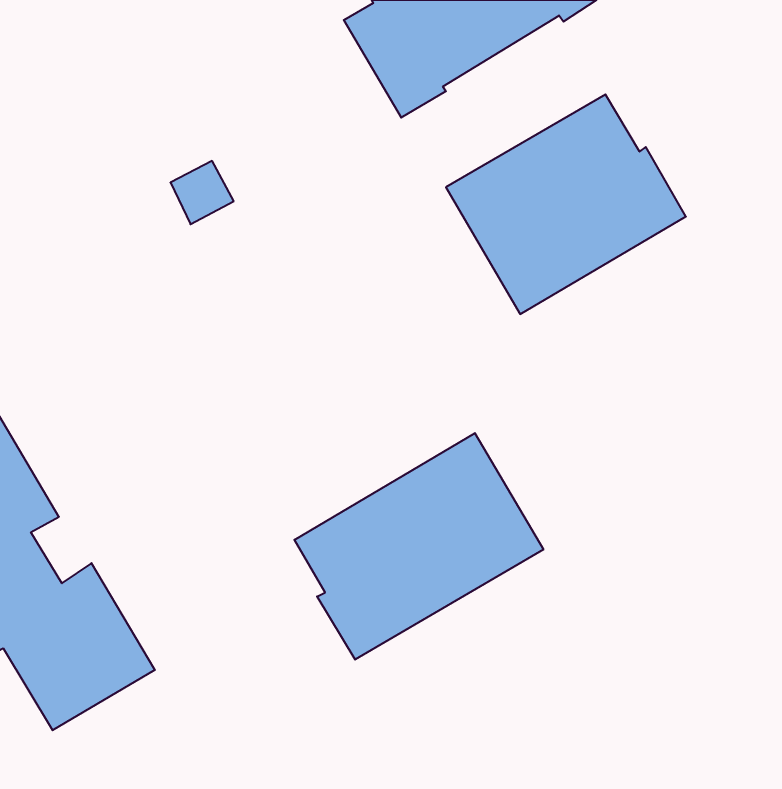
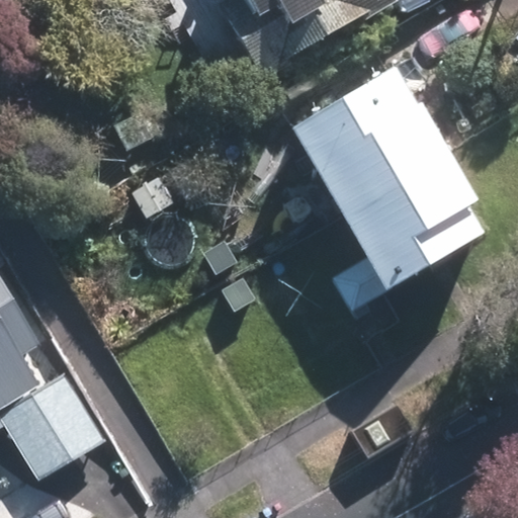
building: none -> [324,143,483,306]
building: [294,433,543,660] -> none

